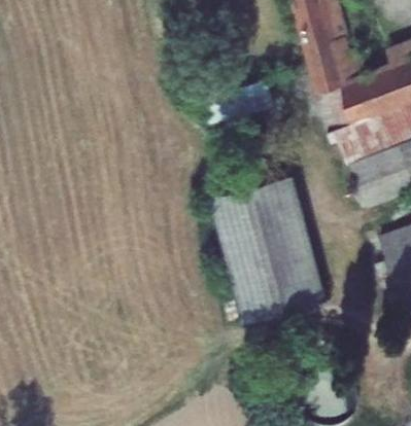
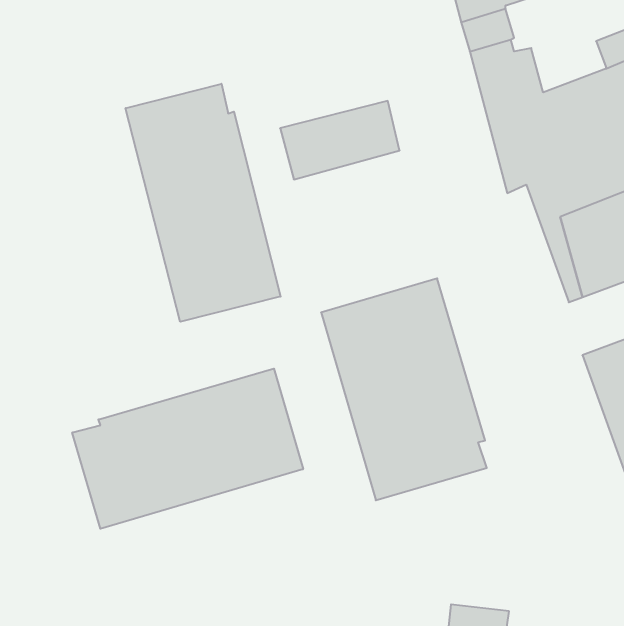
building: none -> [126,84,281,322]
building: none -> [72,369,303,529]

